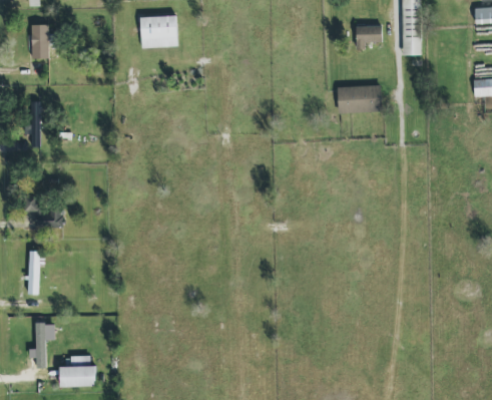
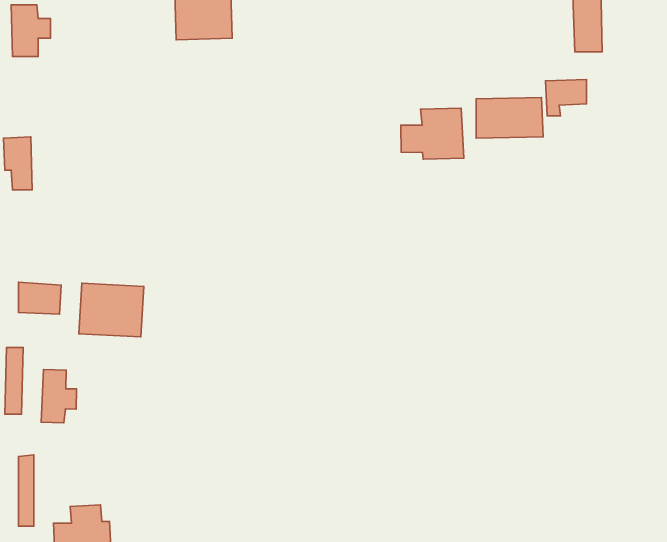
building: [356,25,383,49] -> [546,79,586,116]
building: none -> [401,108,464,159]
building: none -> [79,283,144,337]
building: none -> [41,370,77,423]

